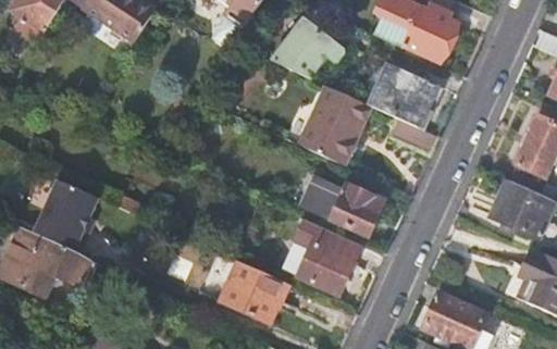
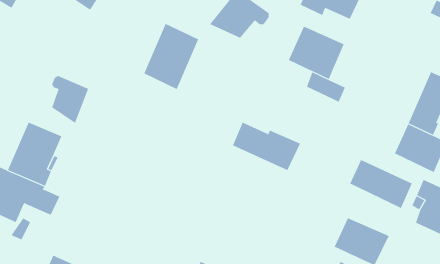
building: [302,86,369,165] -> [143,23,199,90]
building: none -> [52,75,89,124]
building: [292,217,361,295] -> none
building: none -> [350,159,412,209]
building: [219,260,287,321] -> none

